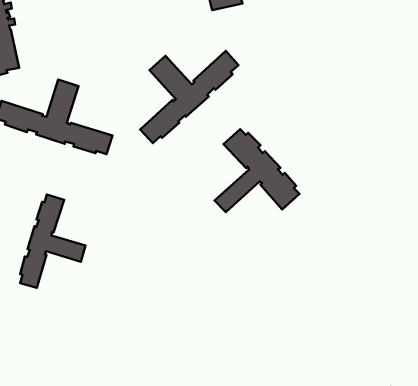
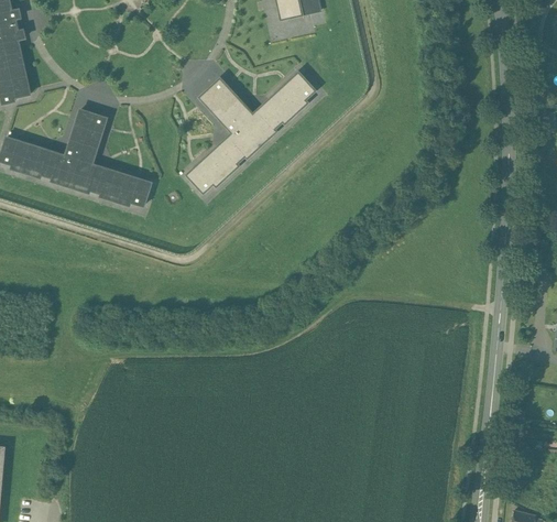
building: [215,129,299,212] -> none
building: [20,194,86,288] -> none

